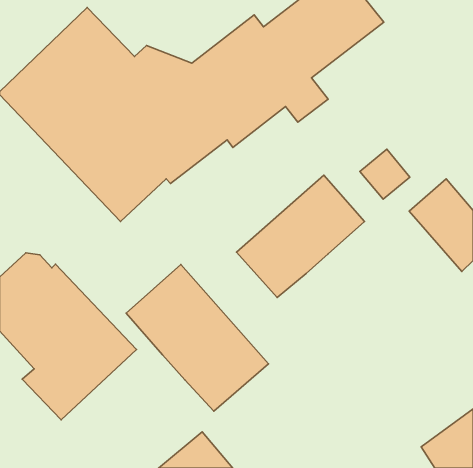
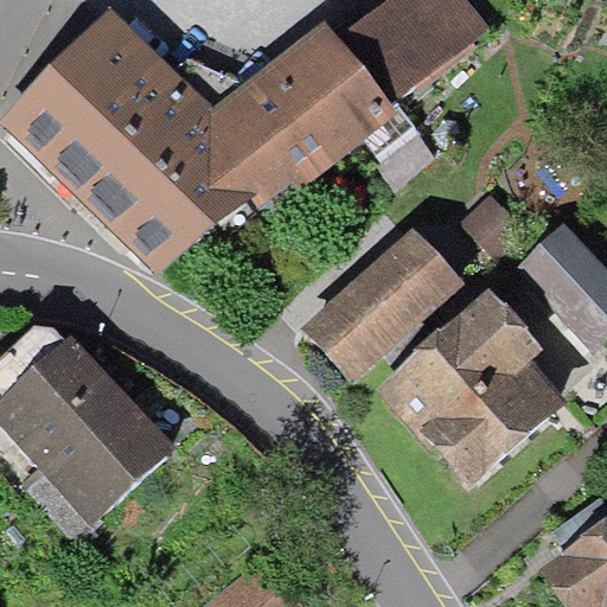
building: none -> [377,290,563,485]
building: [126,265,269,411] -> none

